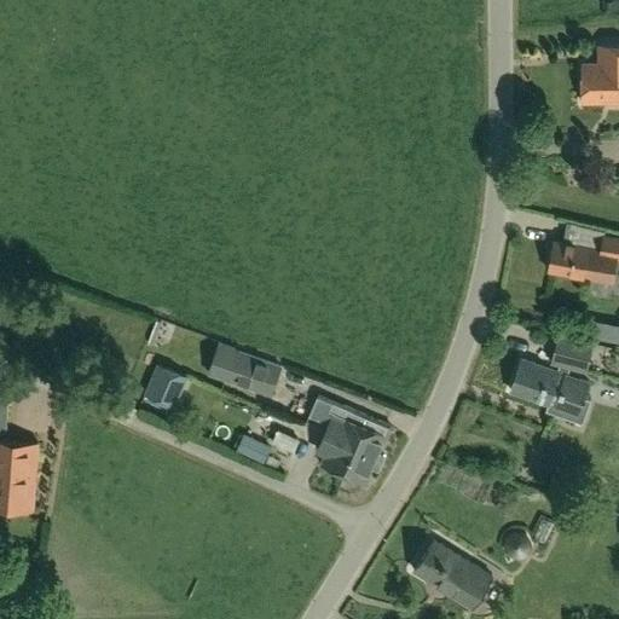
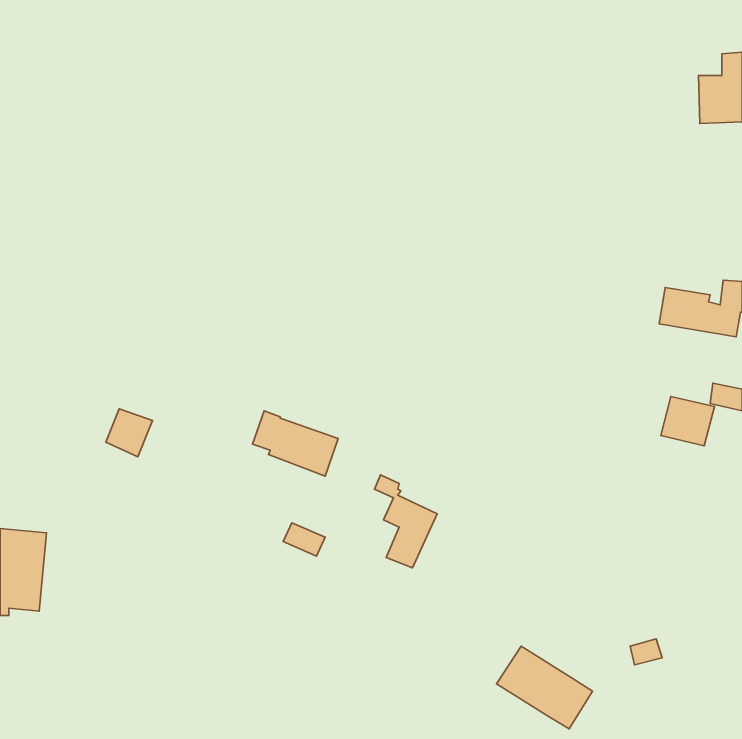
building: [510,360,589,420] -> none
building: [144,372,183,412] -> [106,409,152,457]
building: [331,411,391,486] -> none

